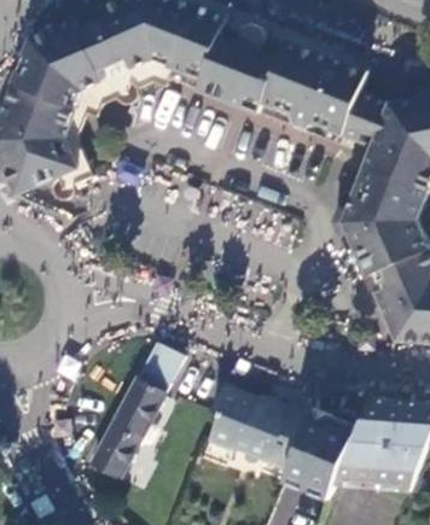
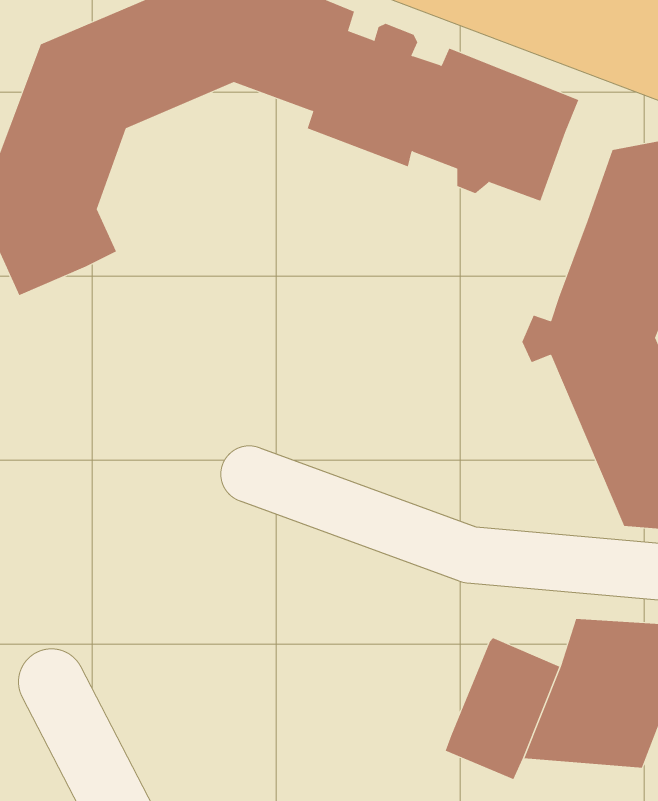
building: [345,92,390,147] -> none
building: [93,340,186,477] -> none
building: [208,384,313,471] -> none

